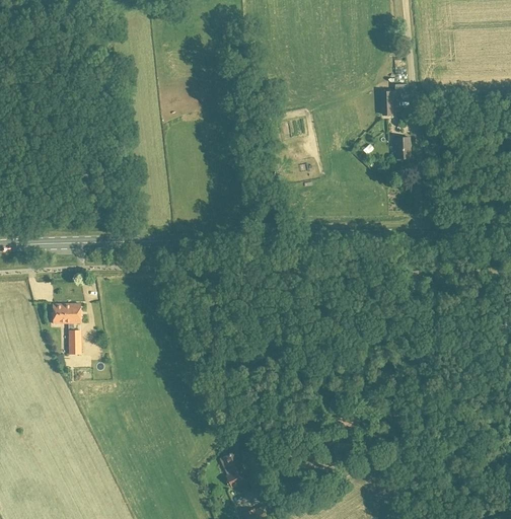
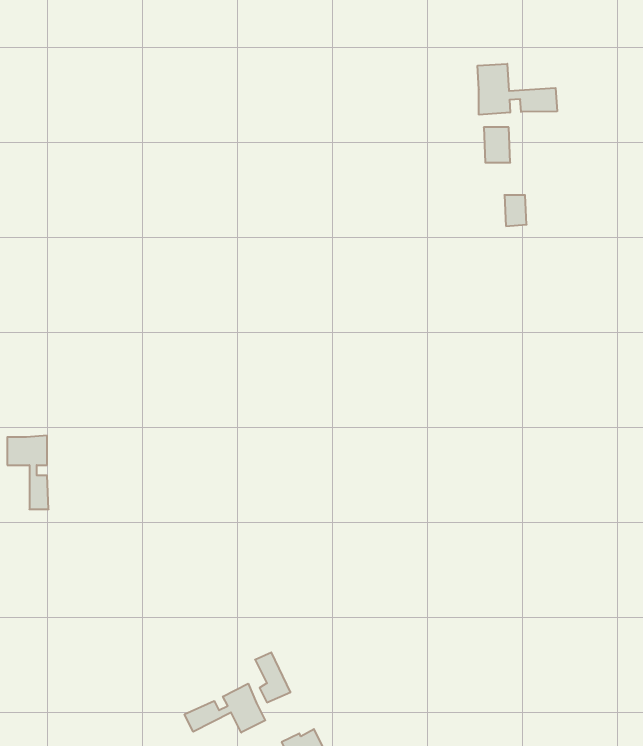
building: none -> [478,64,557,115]
building: none -> [185,684,265,733]

